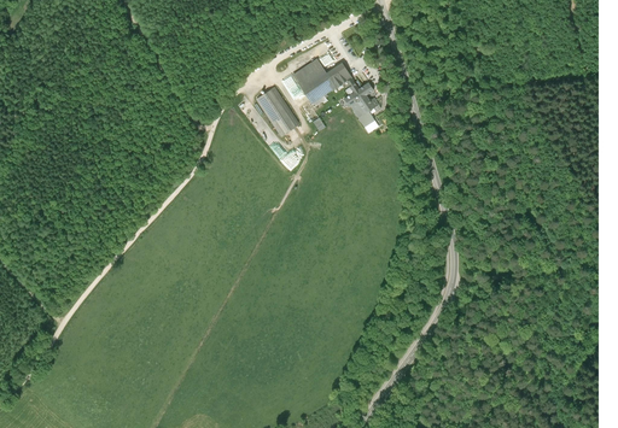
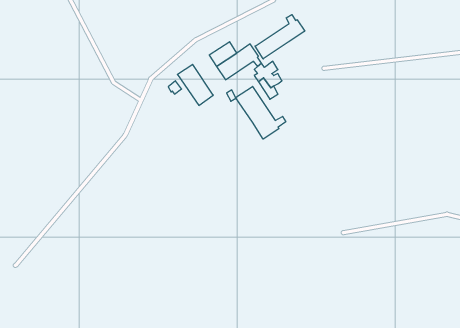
building: none -> [255,15,305,59]
building: none -> [235,86,286,139]

